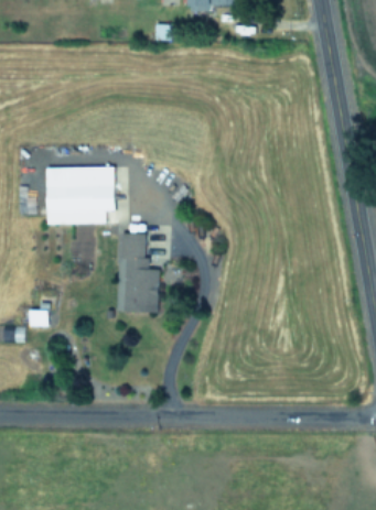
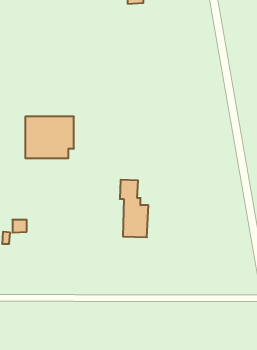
building: [119,234,159,313] -> [120,180,148,237]

